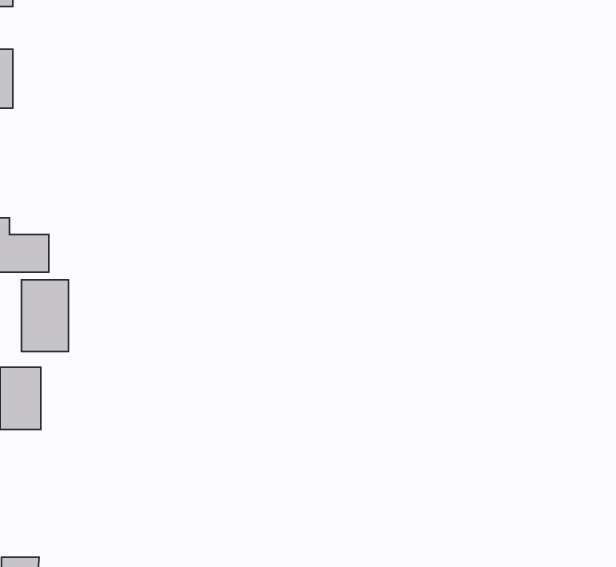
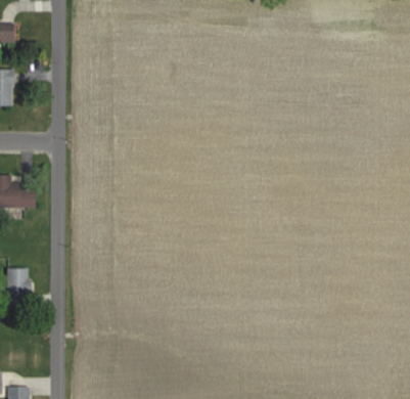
building: [22,280,69,351] -> none

